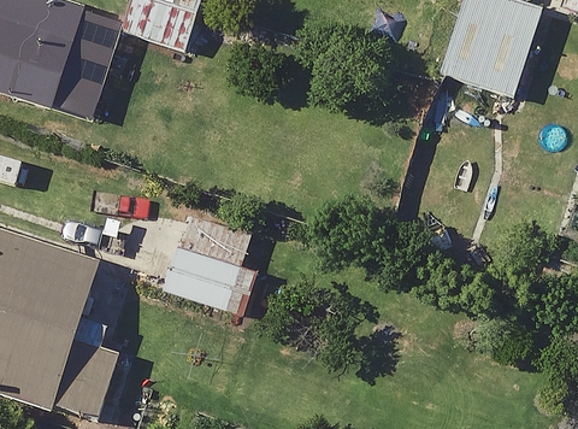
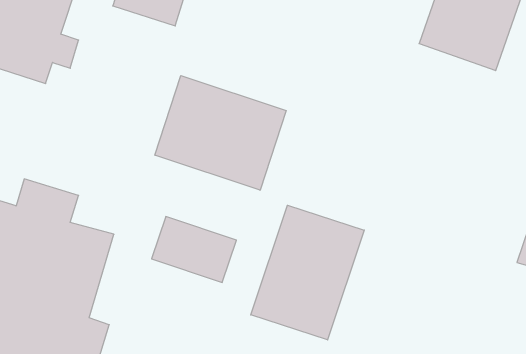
building: none -> [155,76,286,190]
building: none -> [251,205,364,340]

